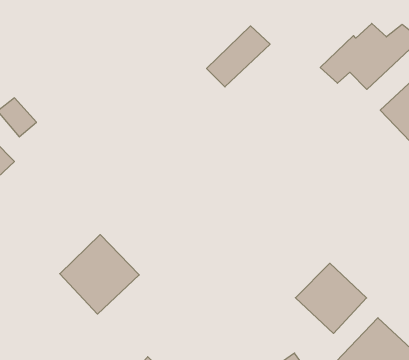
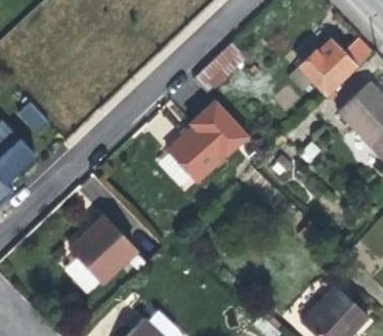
building: none -> [169,98,249,180]
building: [295,263,367,333] -> none

